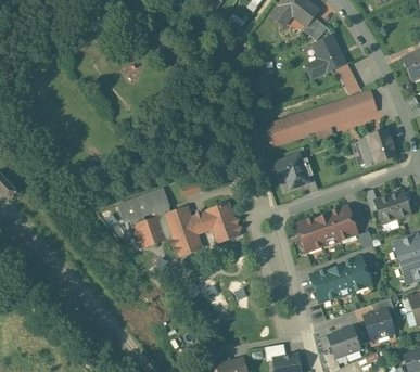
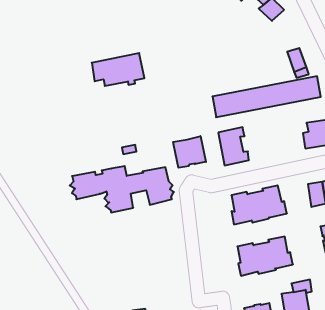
building: [306,35,346,78] -> none
building: none -> [173,136,206,168]
building: [119,187,175,225] -> [92,53,144,86]

